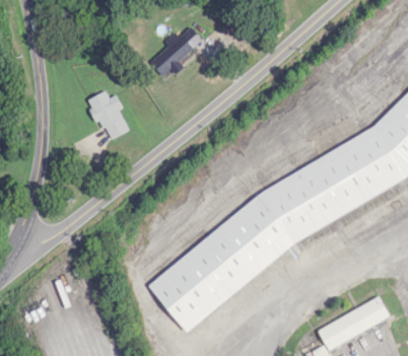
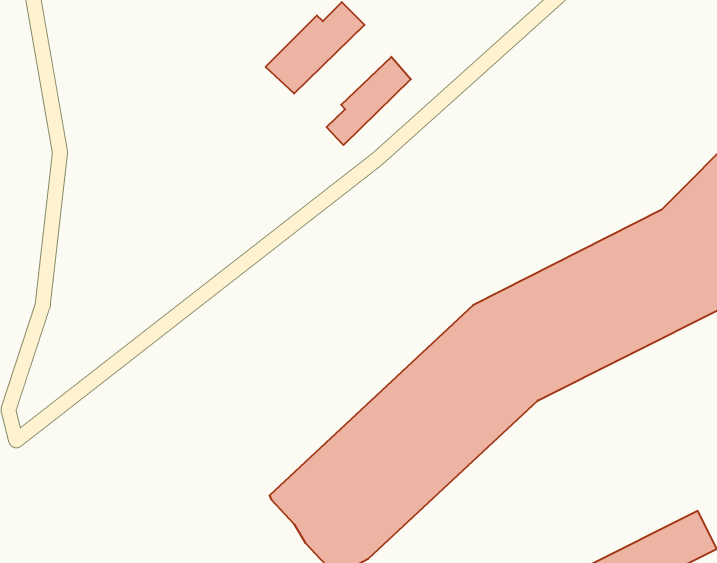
building: none -> [327,57,411,145]
building: [88,90,131,141] -> none

